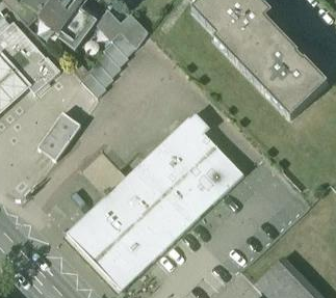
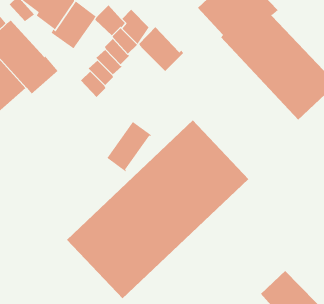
building: none -> [138,26,184,72]
building: [37,111,81,160] -> [106,121,152,172]

